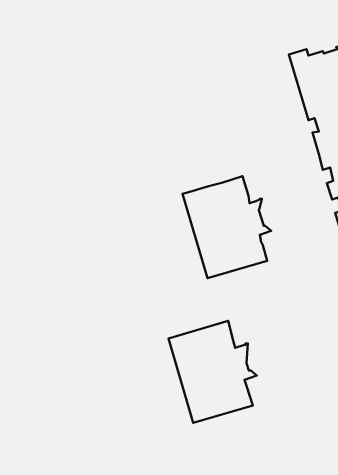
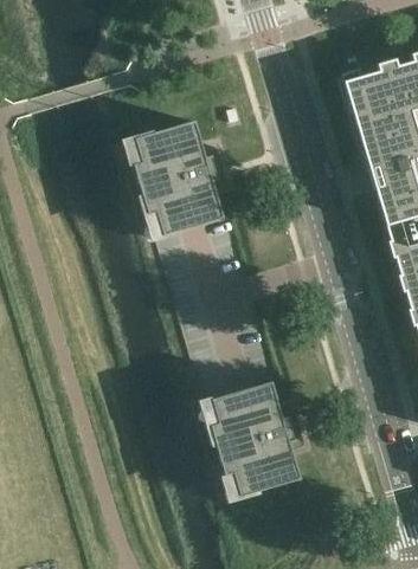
building: [183,176,271,278] -> [126,121,227,238]

